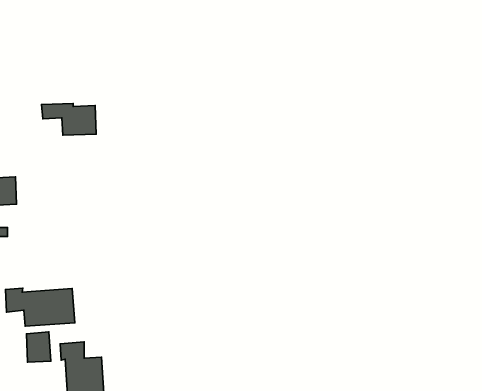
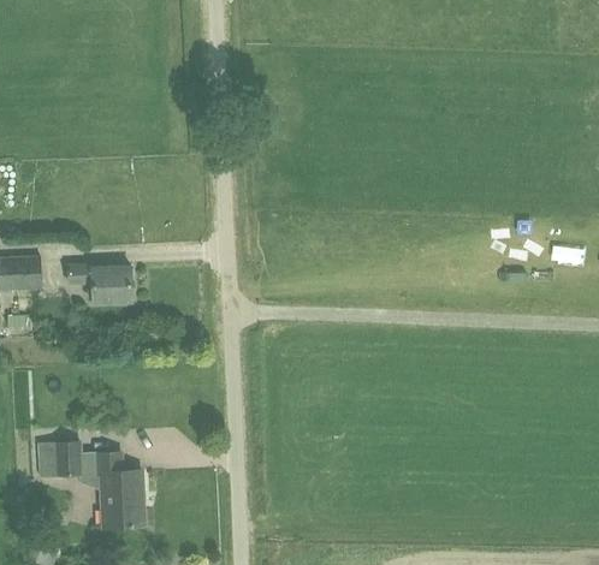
building: [42,104,96,135] -> [66,264,131,302]
building: [5,288,75,326] -> none

